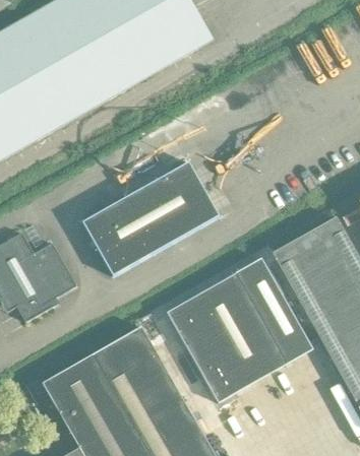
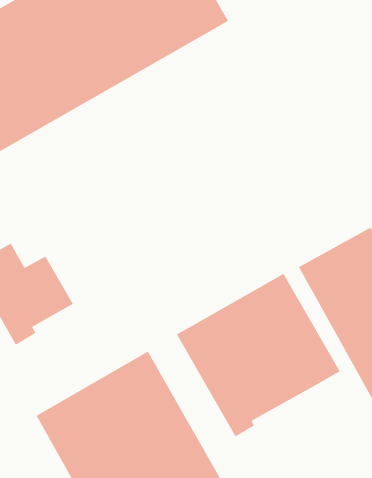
building: [82,162,220,276] -> none

